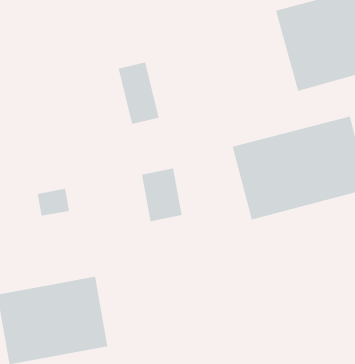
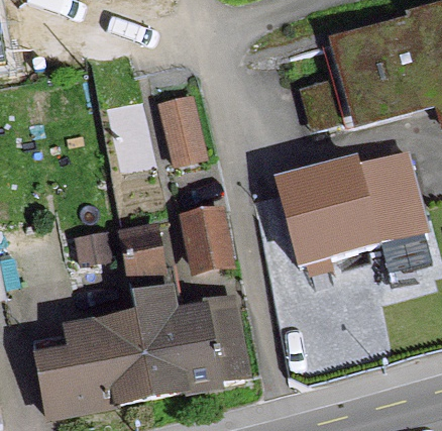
building: none -> [122,227,244,395]

